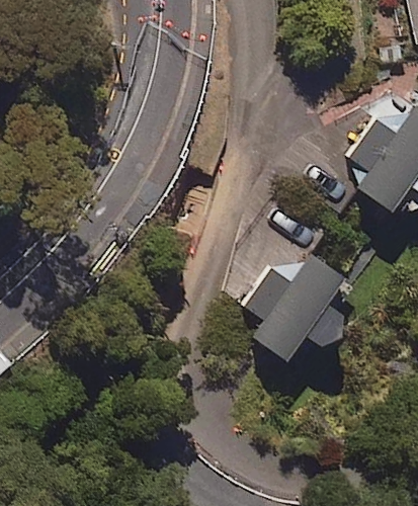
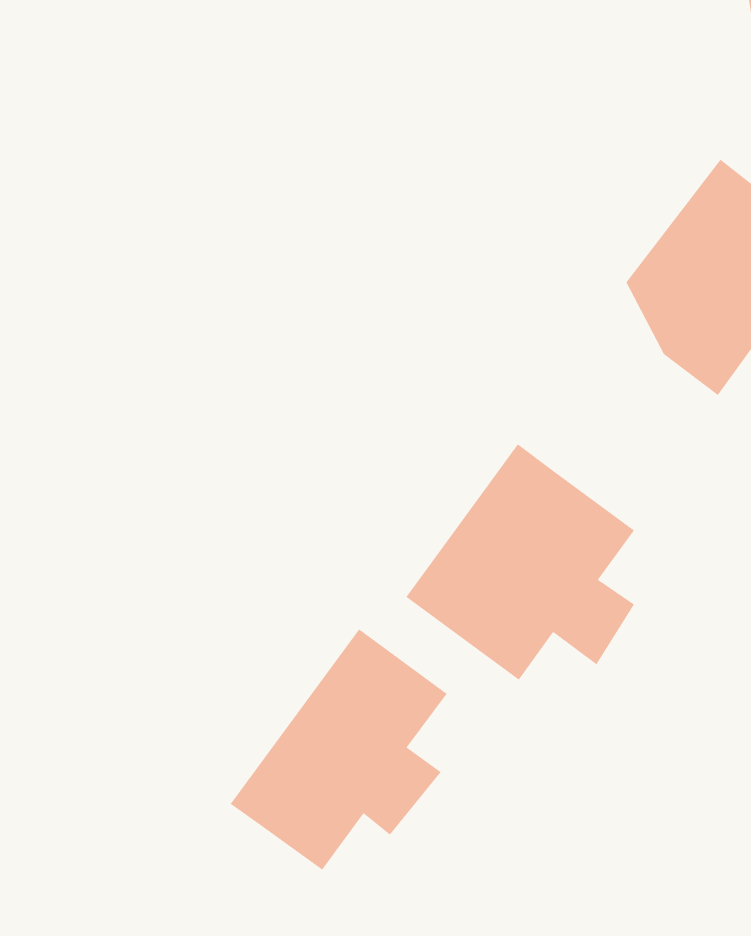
building: none -> [230,629,447,871]

